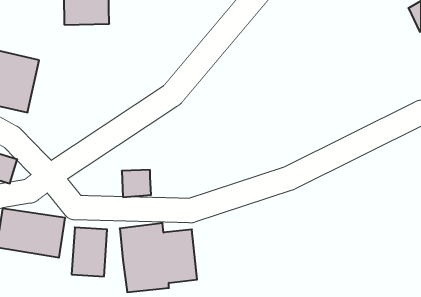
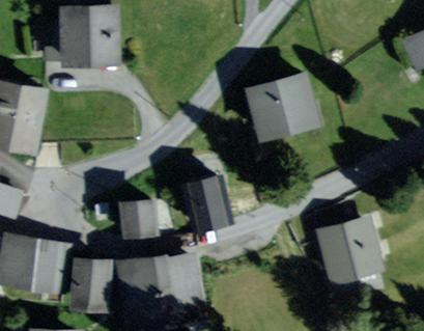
building: none -> [248,80,310,133]
building: none -> [187,178,234,228]
building: none -> [317,224,374,279]

